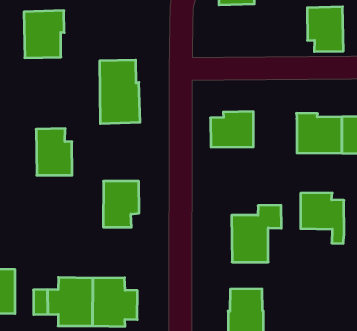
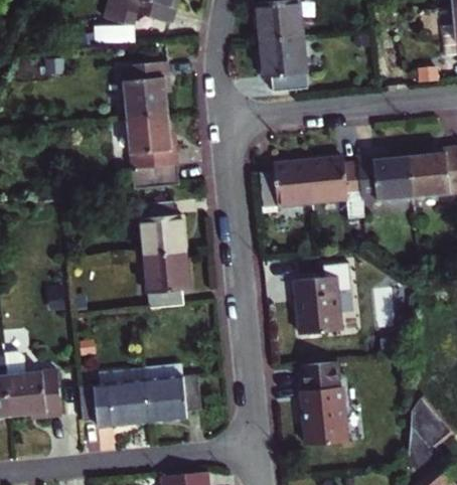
building: [307,7,343,52] -> [257,37,303,92]
building: [24,11,64,58] -> [121,61,169,120]
building: [36,129,72,175] -> [139,200,185,257]
building: [301,193,344,243] -> [308,156,362,213]

